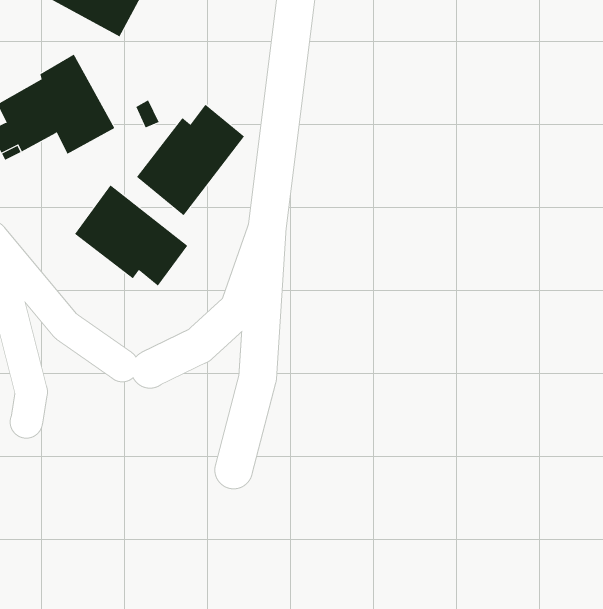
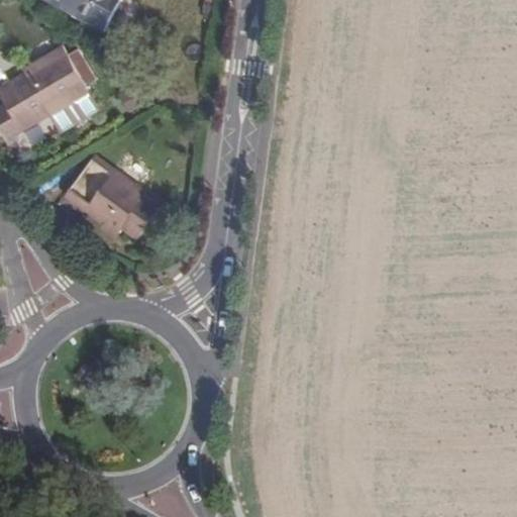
building: [136,104,245,216] -> none

